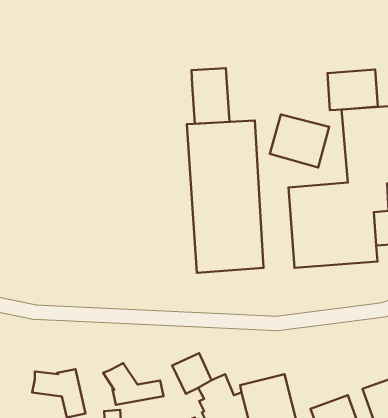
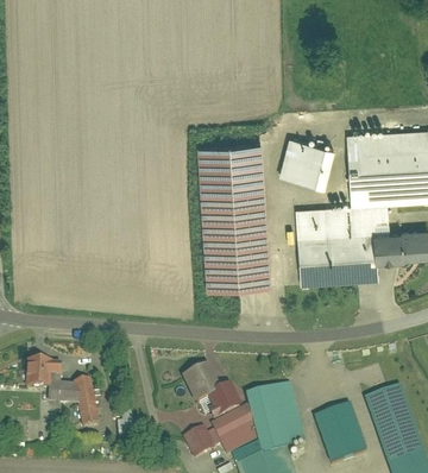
building: [191,68,229,124] -> none
building: [327,69,378,110] -> none
building: none -> [26,360,63,391]
building: [103,363,163,405] -> none

